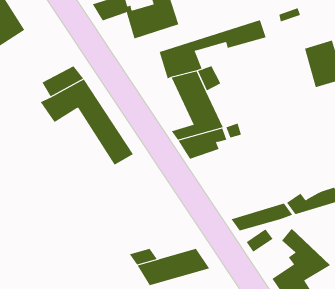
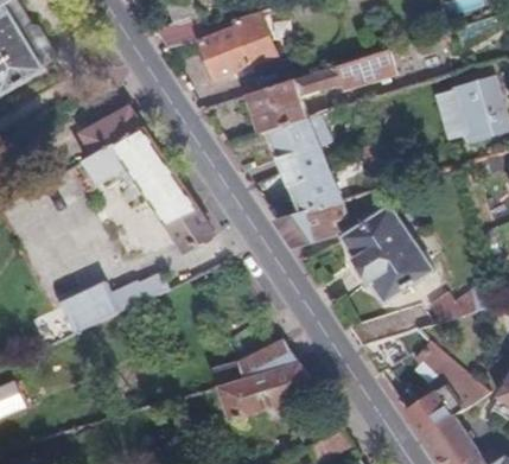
building: none -> [338,203,427,298]
building: none -> [59,278,167,337]
building: none -> [234,343,298,381]

